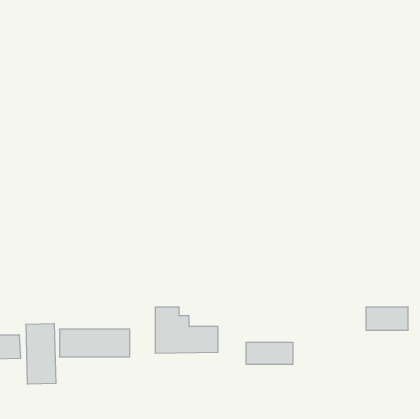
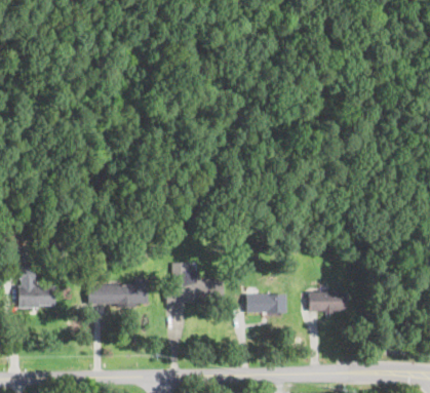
building: [366,307,408,330] -> [310,291,346,311]
building: [26,323,56,384] -> none

